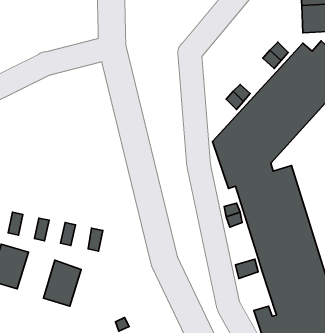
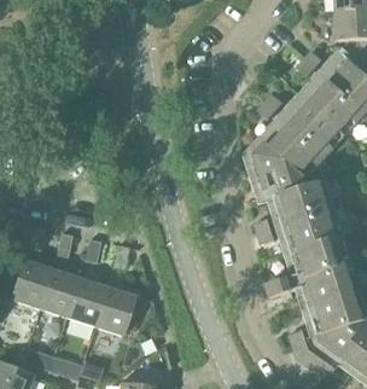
building: none -> [36,271,76,319]
building: none -> [92,289,133,336]

